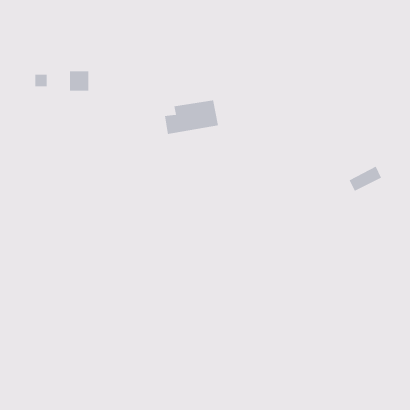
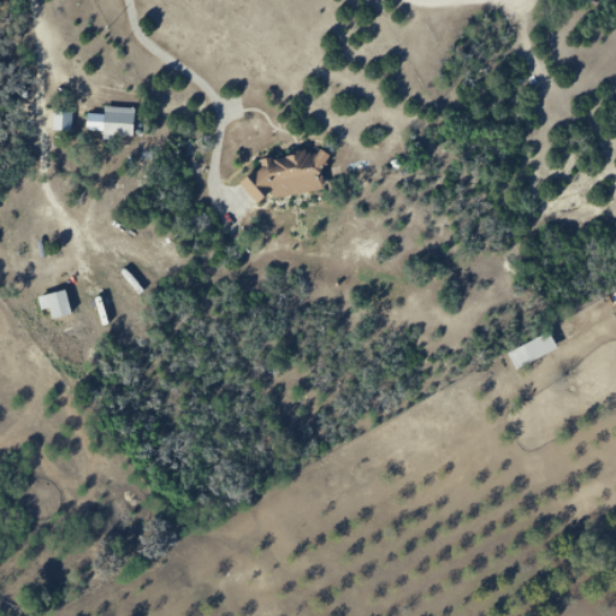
building: [349,166,382,192] -> [508,330,557,368]
building: none -> [37,289,71,318]

